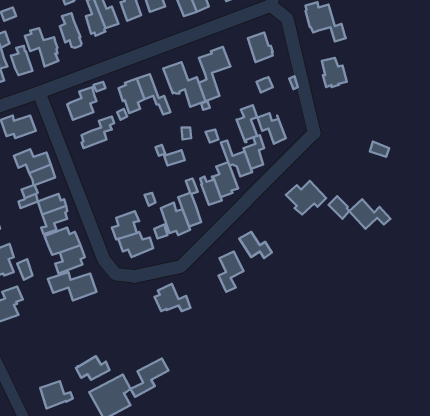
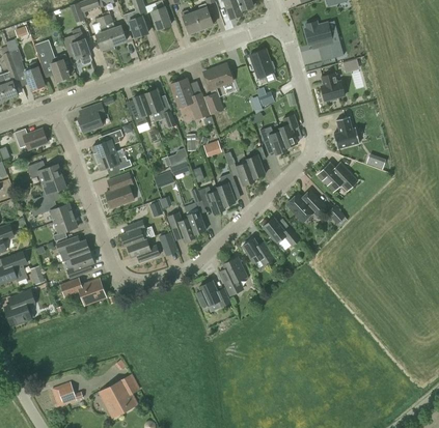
building: none -> [333,117,359,149]
building: [237,105,257,142] -> [278,115,298,150]
building: none -> [93,151,132,171]
building: none -> [105,172,134,208]
building: [349,199,390,229] -> [318,164,357,192]
building: none -> [263,218,299,247]
building: [155,284,190,311] -> [195,281,229,307]
building: [76,356,110,380] -> none
building: [130,359,168,397] -> none

